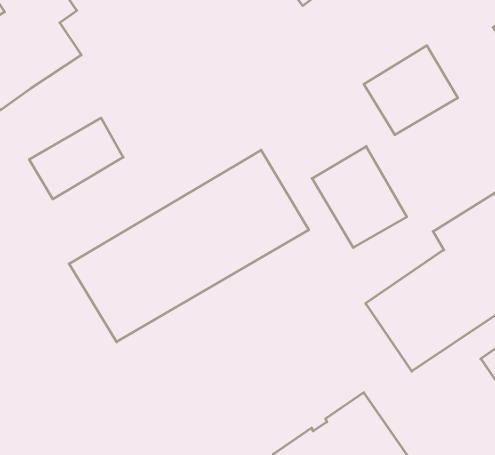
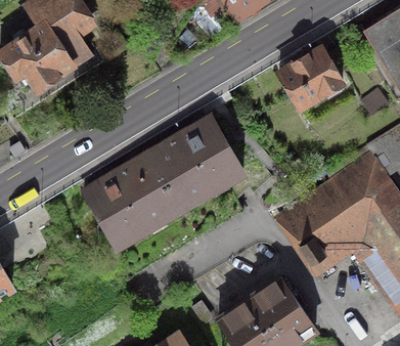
building: [29,118,123,199] -> none
building: [312,146,407,248] -> none

